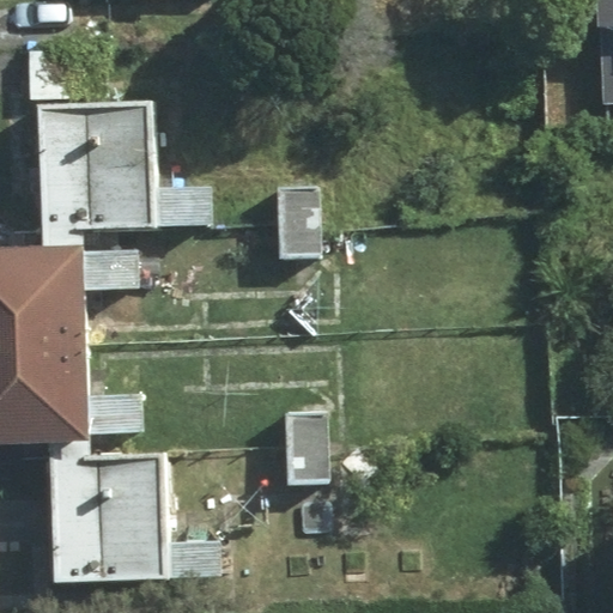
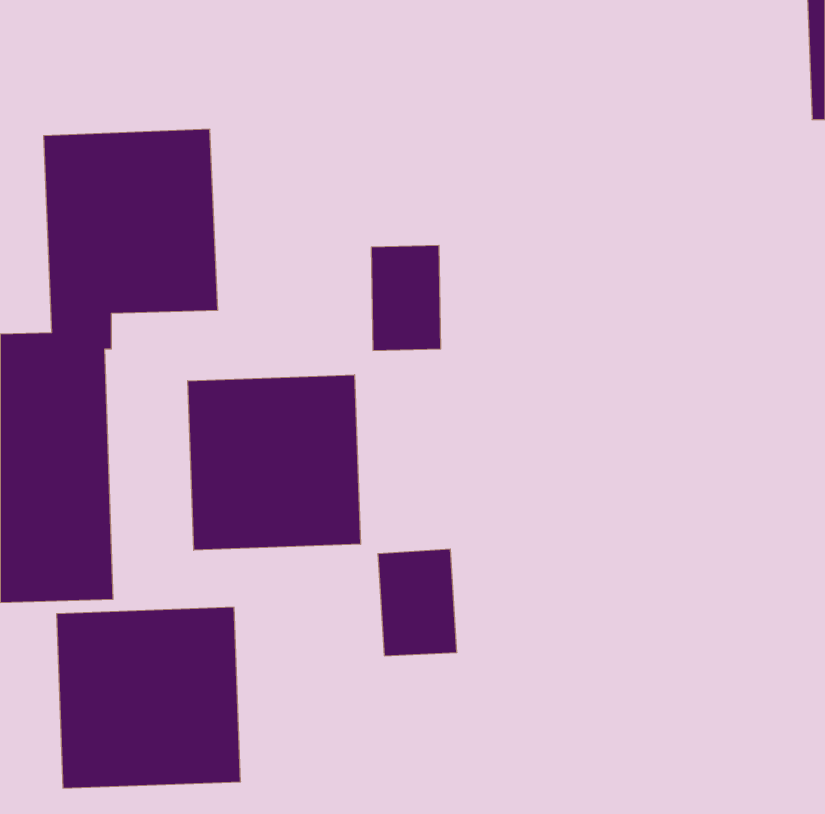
building: none -> [188,375,361,550]

